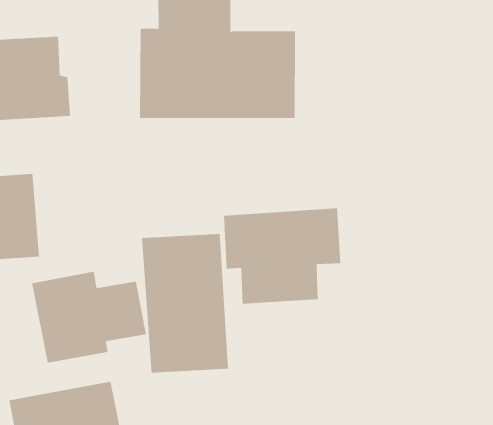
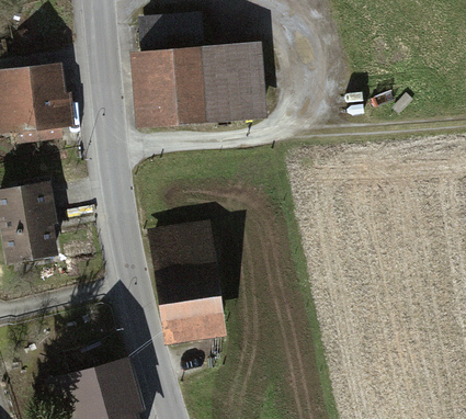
building: [224,208,341,304] -> none
building: [31,271,146,363] -> none

